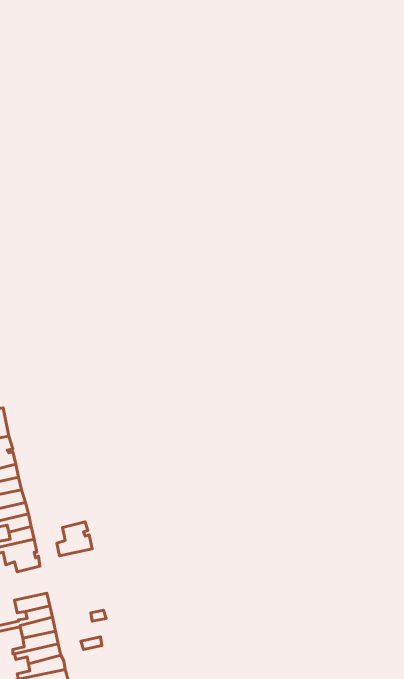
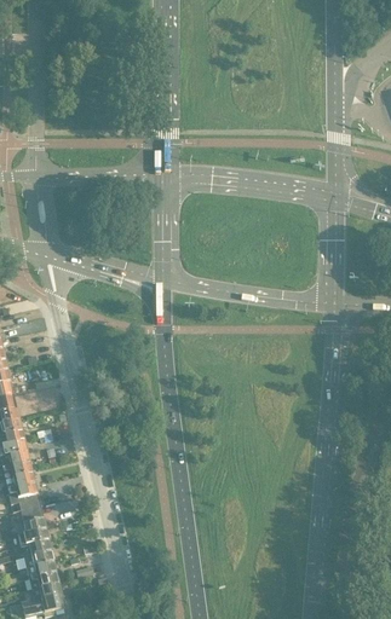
building: [57,522,92,556] -> [16,503,46,532]

